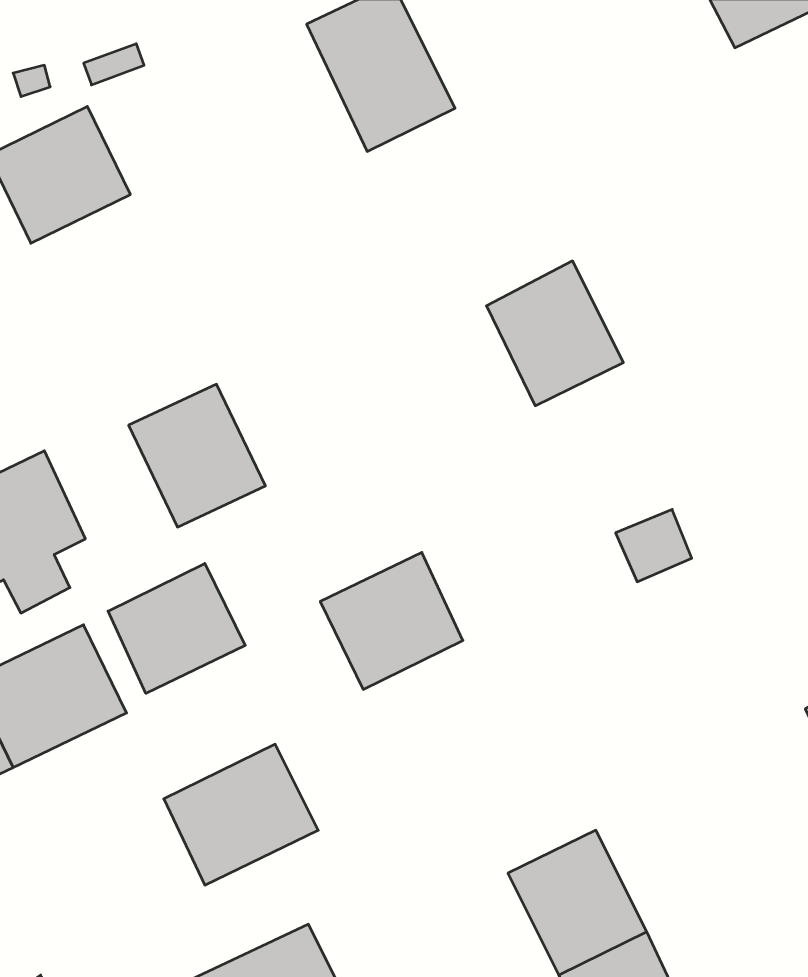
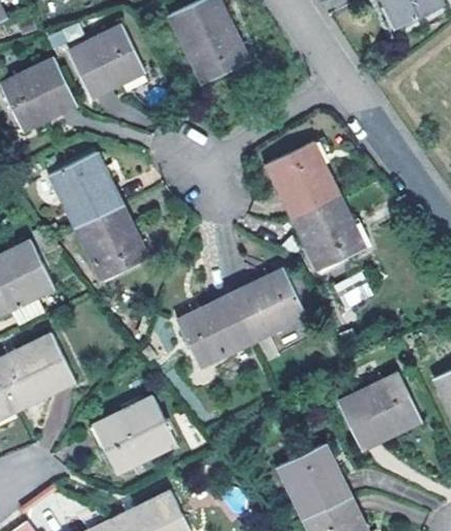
building: none -> [68,25,144,97]
building: none -> [50,151,121,227]
building: none -> [290,194,364,271]
building: none -> [230,269,316,341]
building: [108,563,245,693] -> none
building: none -> [337,372,420,448]

